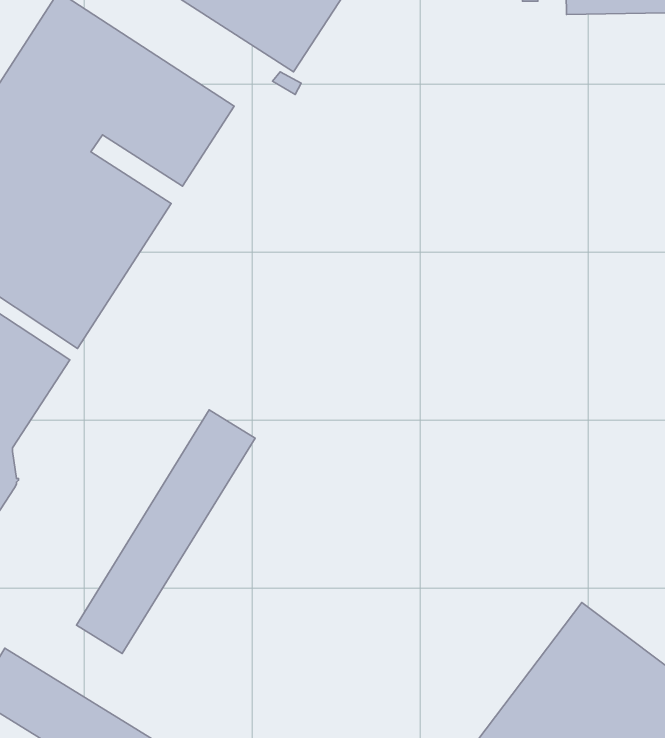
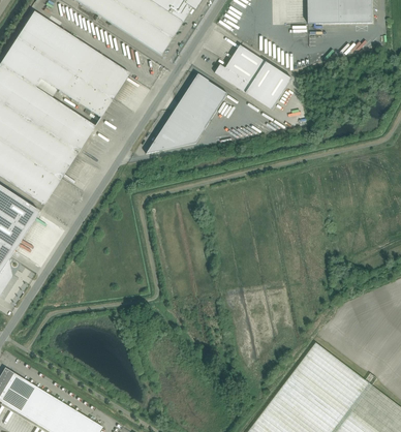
building: none -> [214,45,291,110]
building: none -> [145,73,226,153]
building: [76,410,255,653] -> none

